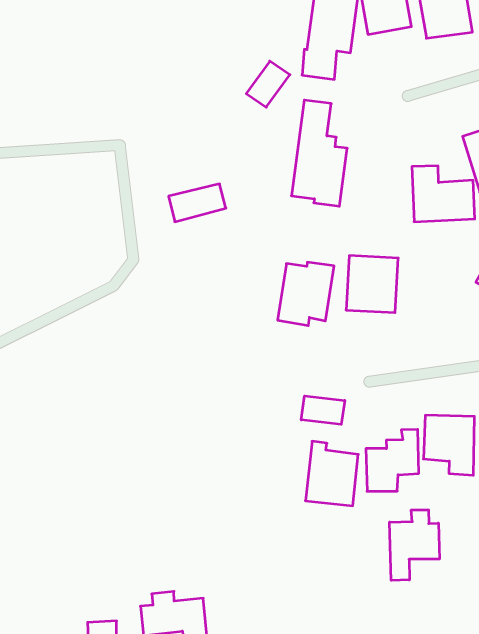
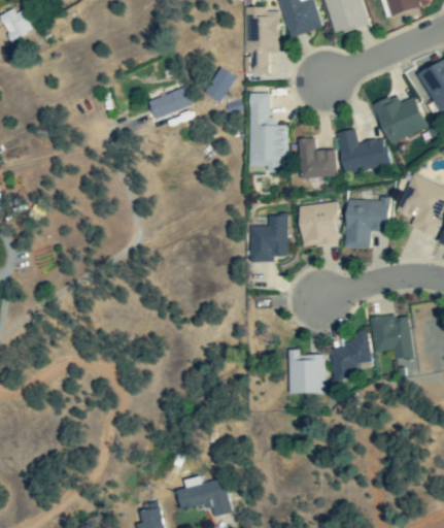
building: none -> [299,135,338,178]
building: [169,184,226,222] -> [148,87,193,120]
building: none -> [345,197,389,248]
building: [301,396,345,424] -> none
building: [390,510,439,580] -> none

